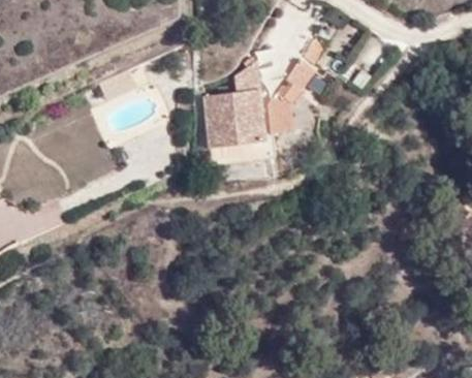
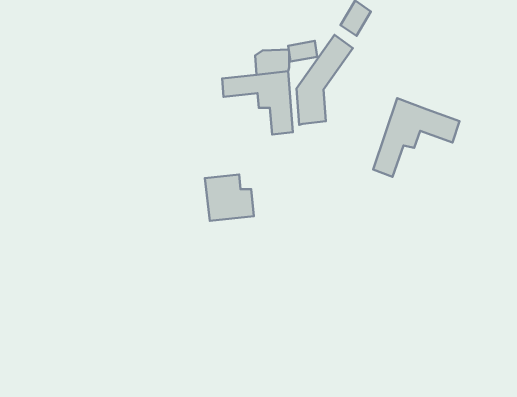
building: [204,109,246,149] -> [205,175,254,221]
building: none -> [373,98,459,177]

